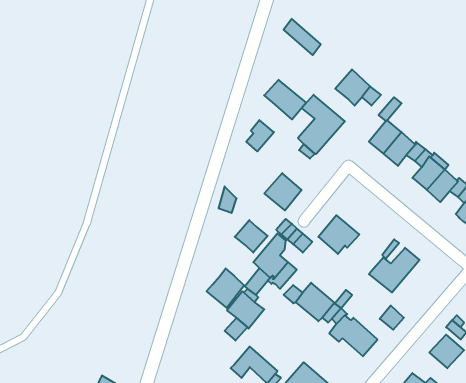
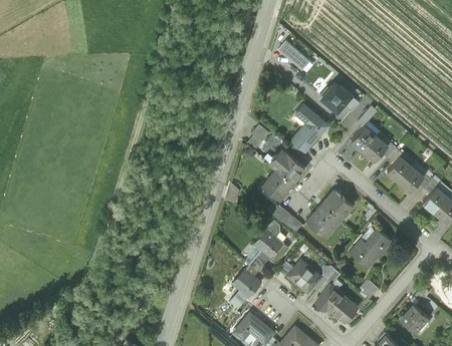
building: [264,80,306,119] -> [270,150,305,184]
building: none -> [322,191,354,221]
building: [235,220,268,253] -> none
building: [207,268,244,308] -> none

